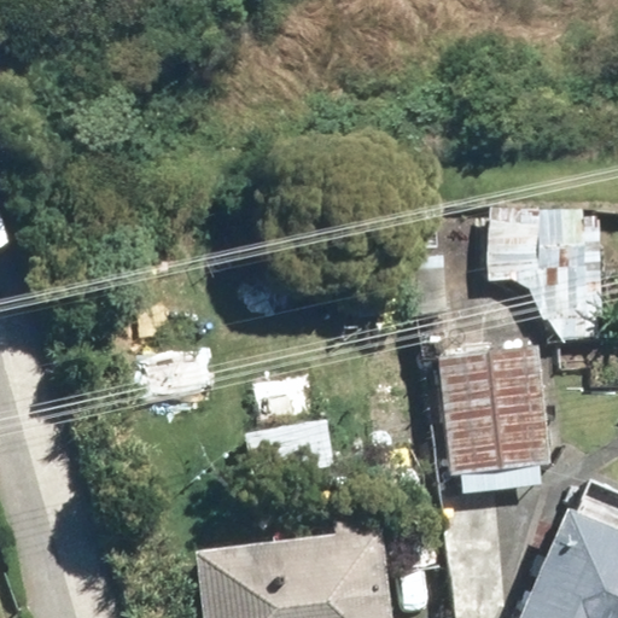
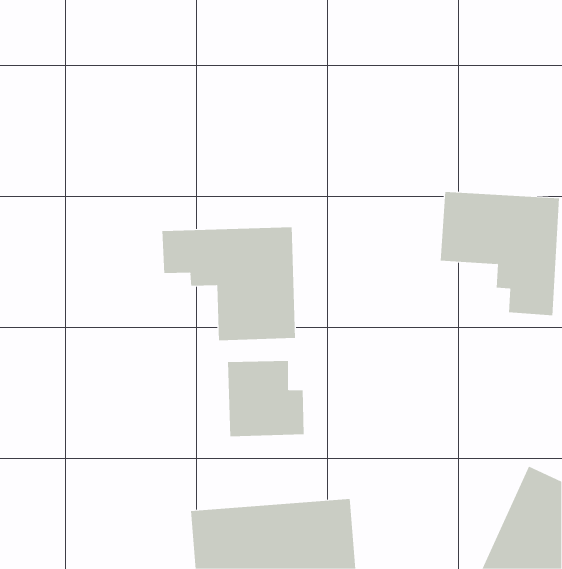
building: none -> [162,227,296,341]
building: [441,356,553,494] -> none

